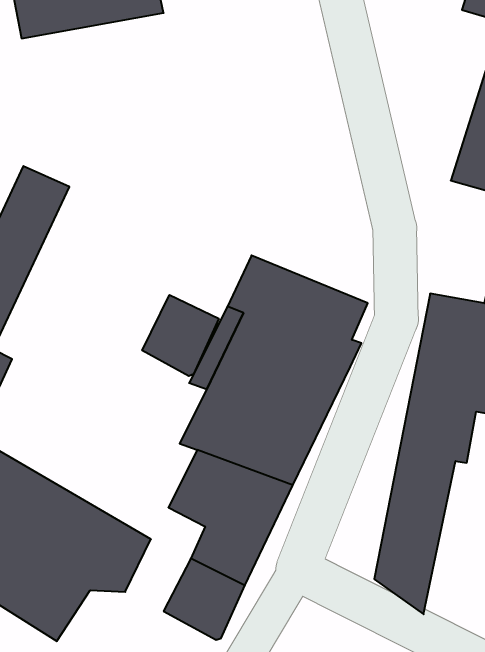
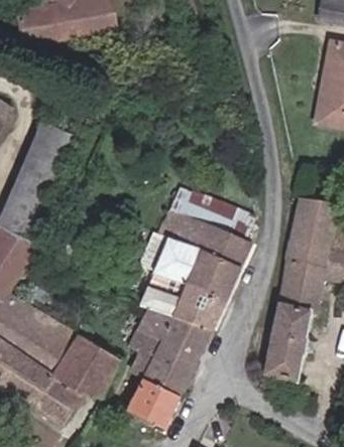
building: [142,295,219,376] -> none

